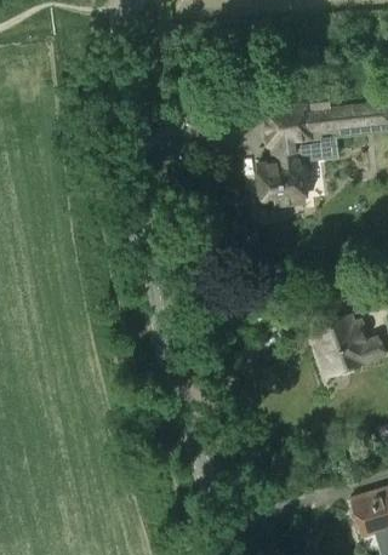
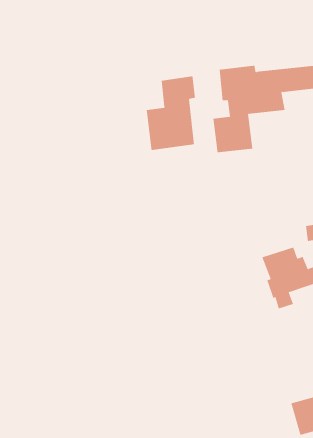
building: none -> [146,76,195,151]

